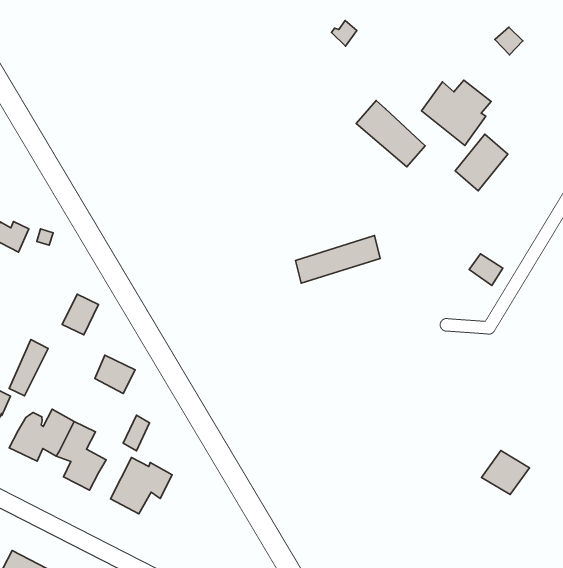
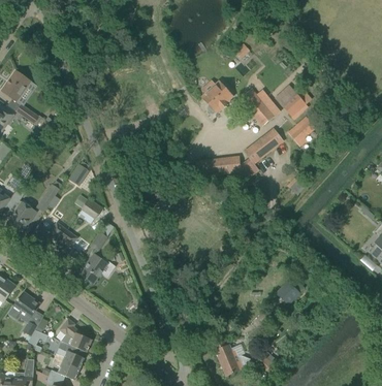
building: none -> [203,82,231,114]
building: none -> [244,128,284,163]

